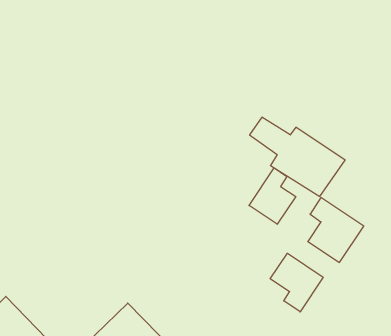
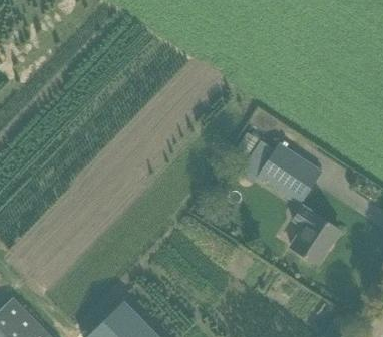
building: [249,168,296,224] -> none
building: [270,253,323,312] -> none

